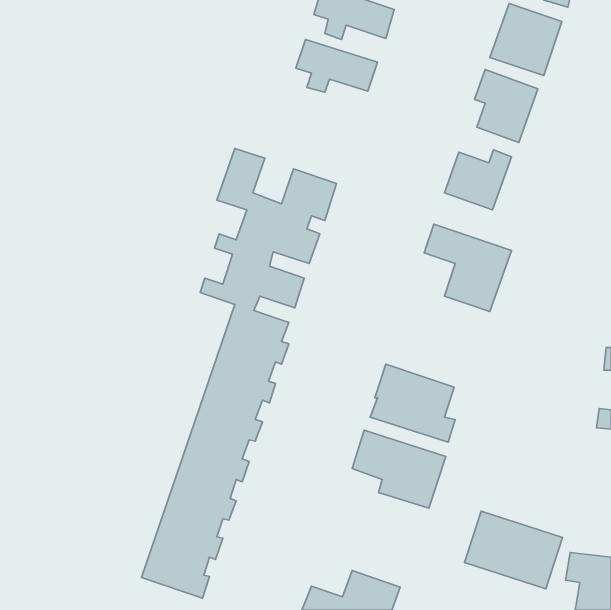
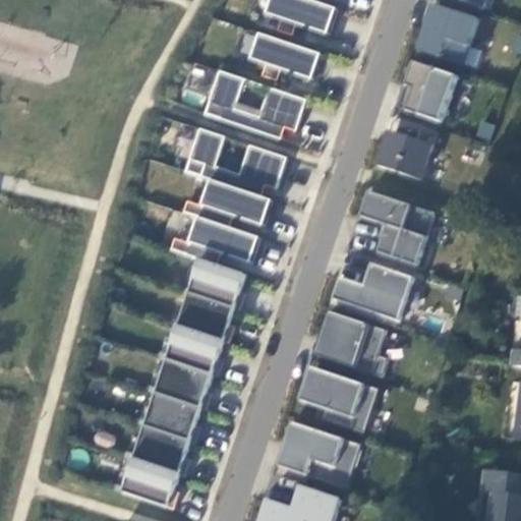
building: none -> [206,70,305,137]
building: none -> [333,262,414,321]
building: [464,511,563,589] -> [276,420,359,486]

